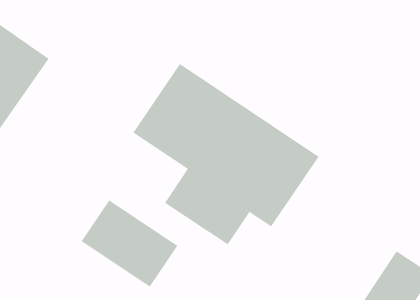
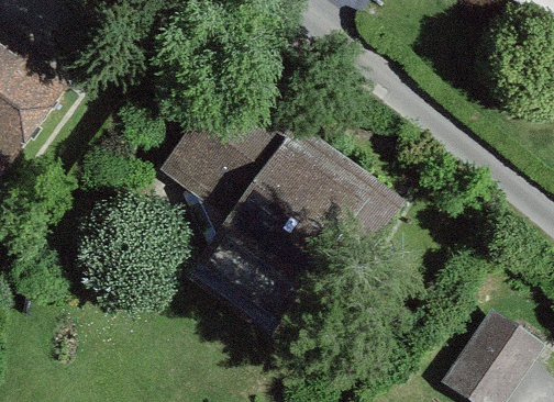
building: [81,199,178,287] -> none

